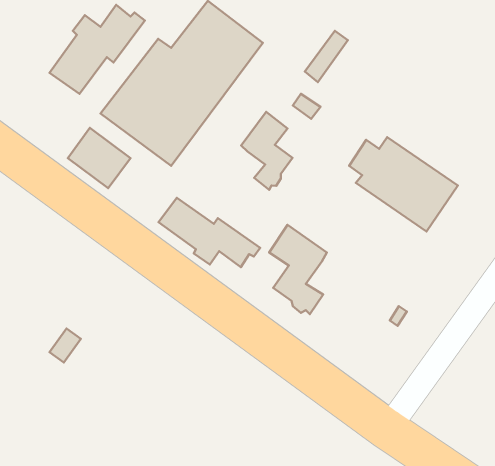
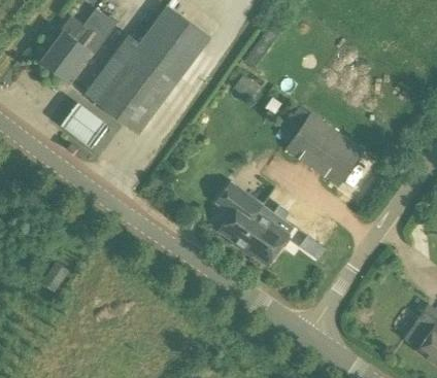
building: [241,112,292,190] -> none
building: [158,198,260,267] -> none
building: none -> [245,210,290,265]

